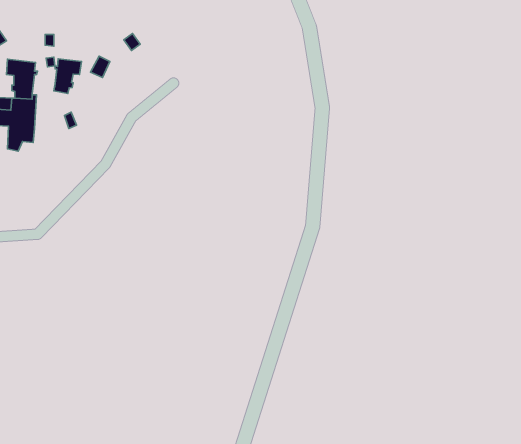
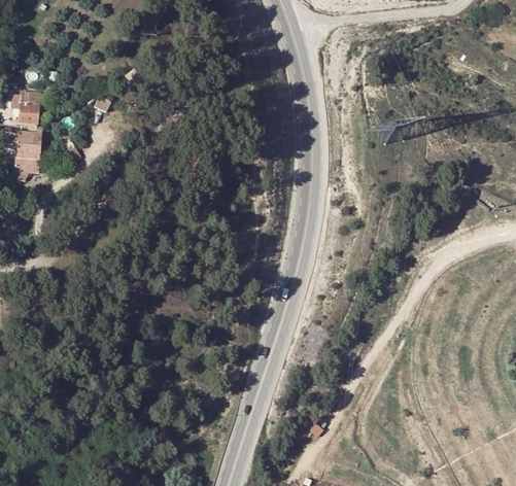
building: [54,59,82,93] -> none

